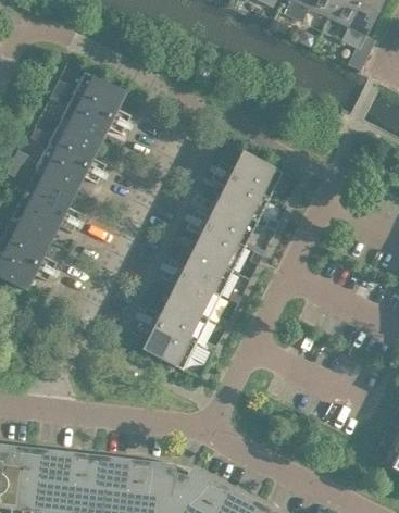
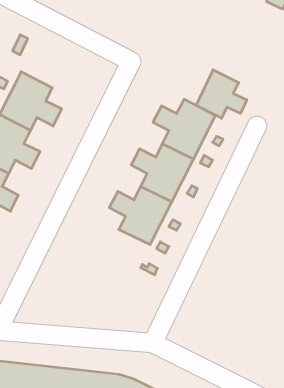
building: [61,71,132,139] -> none
building: none -> [196,70,247,118]
building: [138,301,209,368] -> none

